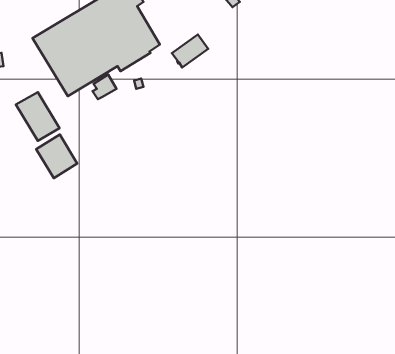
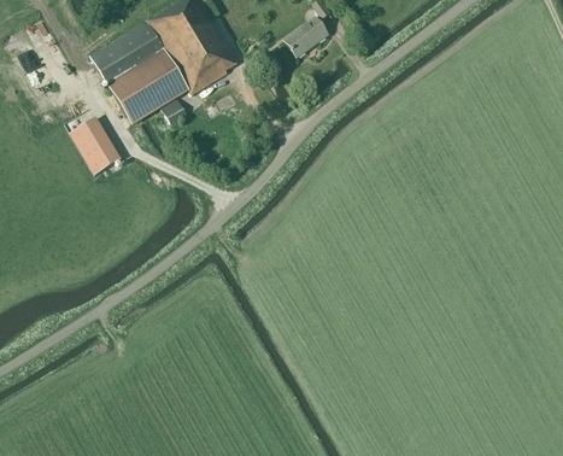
building: [172,34,208,68] -> [286,17,328,55]
building: [36,135,77,178] -> none

